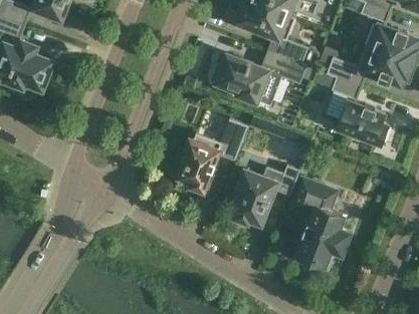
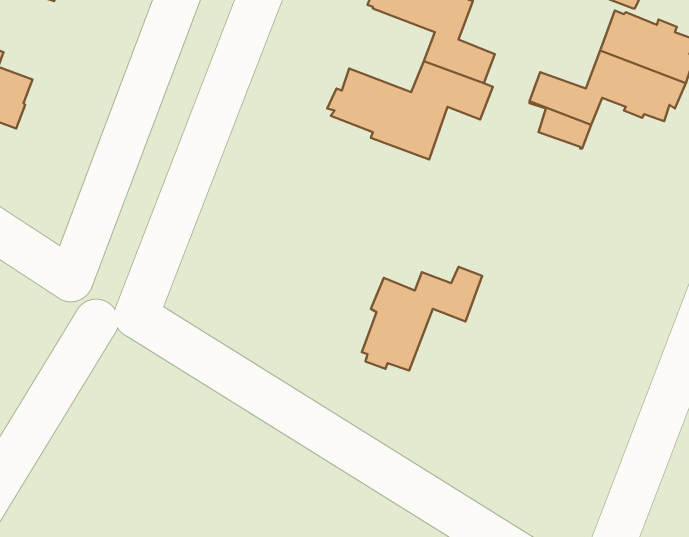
building: [337,100,389,142] -> none
building: [179,118,248,191] -> none
building: [292,180,350,269] -> none

